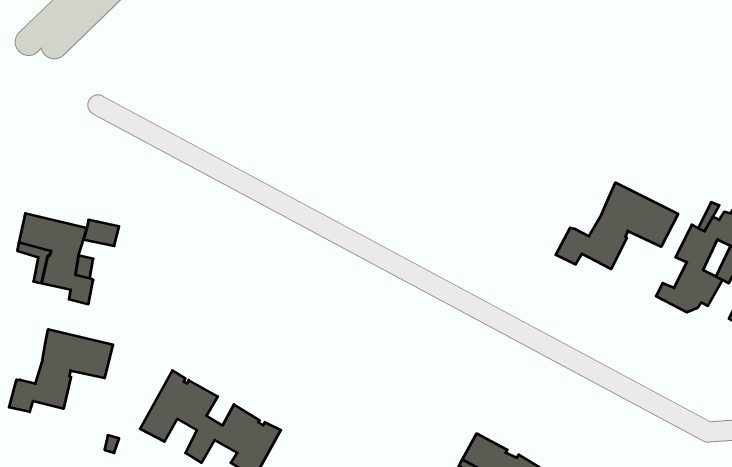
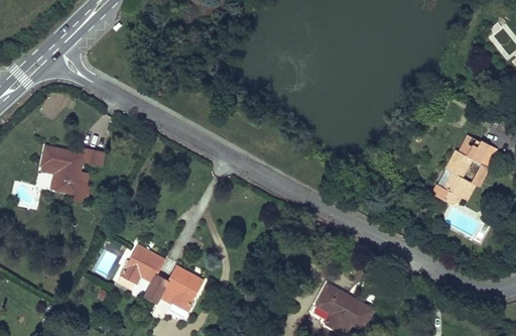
building: [556,183,678,269] -> none
building: [9,329,113,412] -> none

